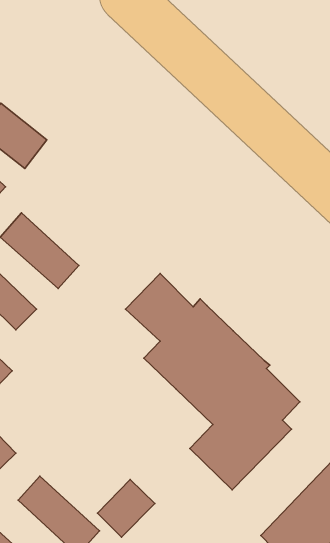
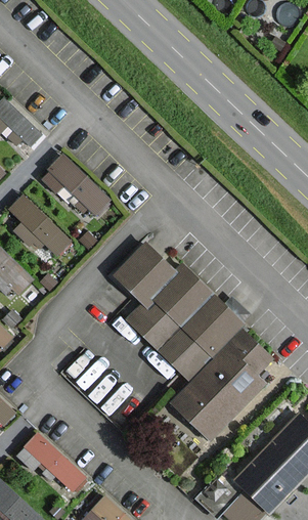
building: none -> [38,150,113,223]
building: [98,480,155,537] -> none

